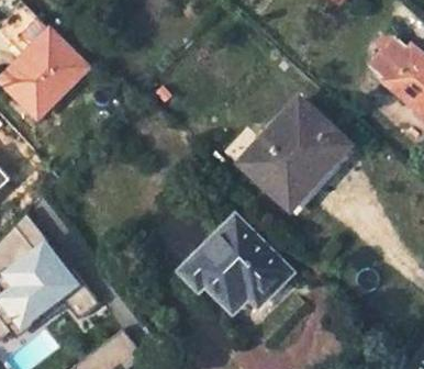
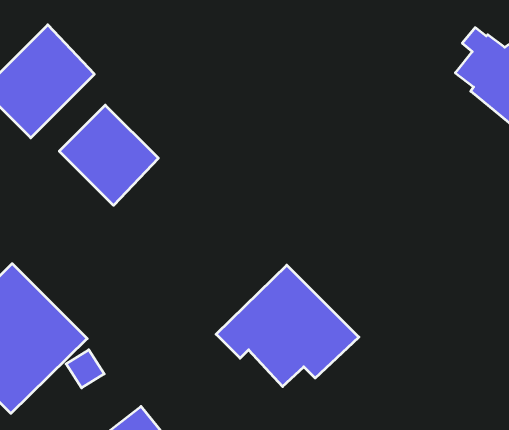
building: none -> [59,105,158,205]
building: [241,104,344,201] -> none

